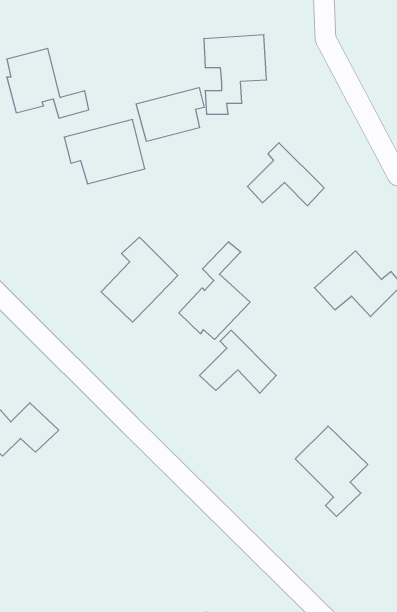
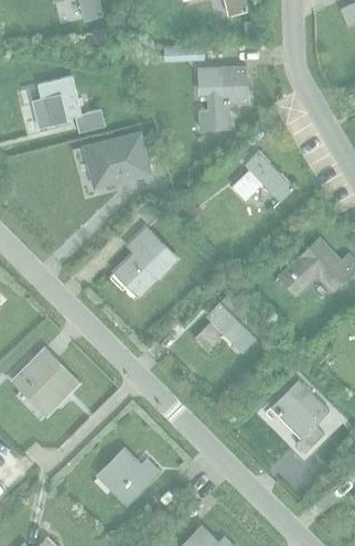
building: [136,88,204,141] -> none
building: [179,242,250,339] -> none
building: none -> [101,452,158,503]

